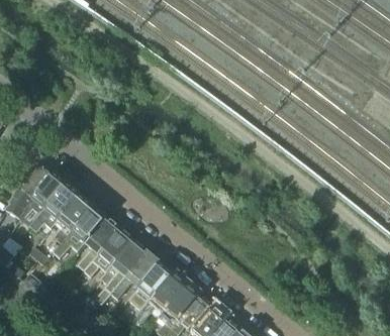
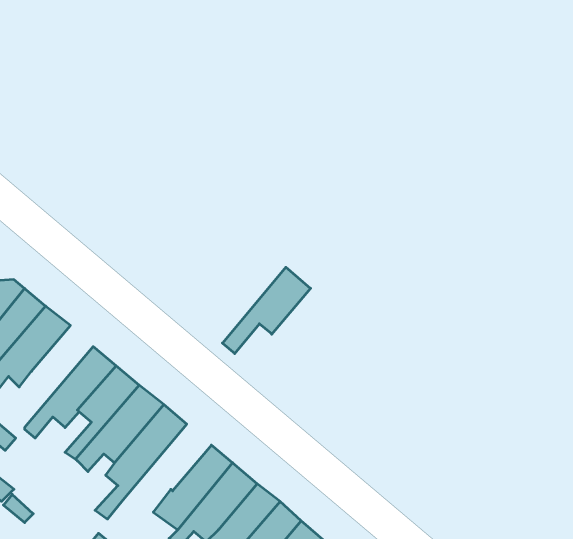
building: [45,193,92,251] -> none
building: [109,249,160,299] -> [222,267,311,354]

